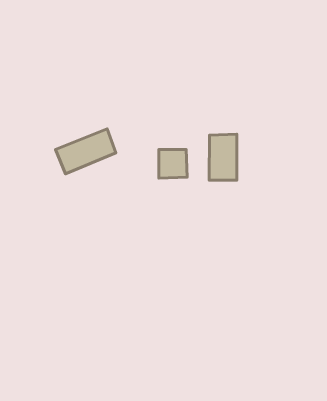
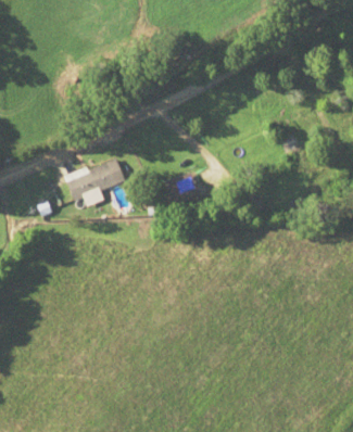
building: [209,134,237,180] -> none

